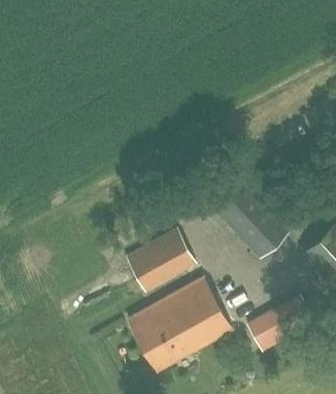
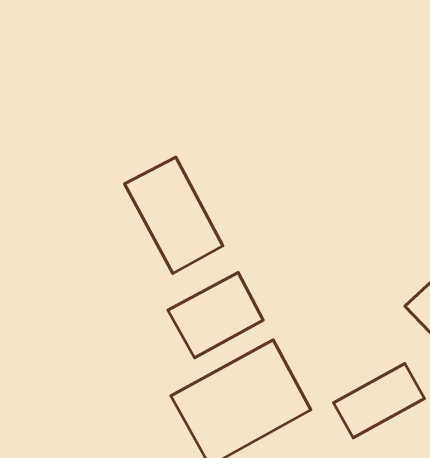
building: none -> [124,157,223,274]
building: [210,177,292,259] -> none

